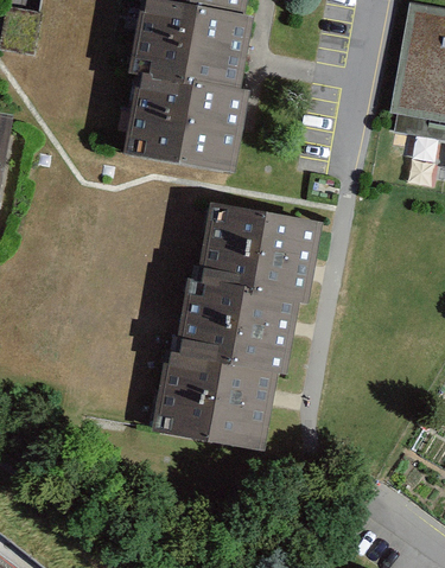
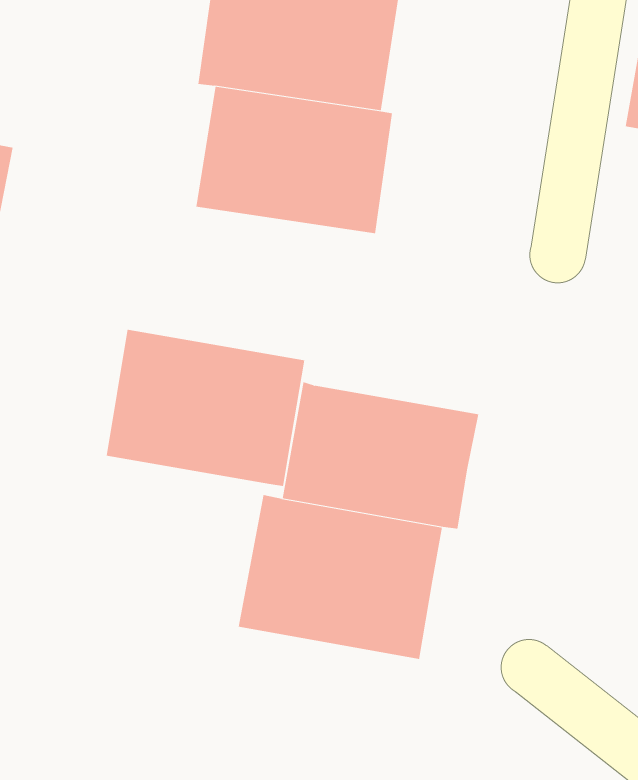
building: [198,193,322,291] -> [106,329,305,487]

